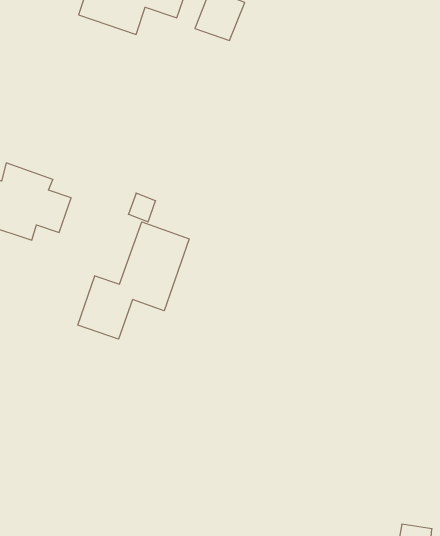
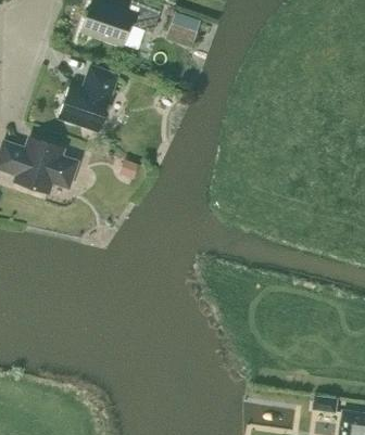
building: none -> [60,67,117,131]
building: [78,222,189,339] -> none

